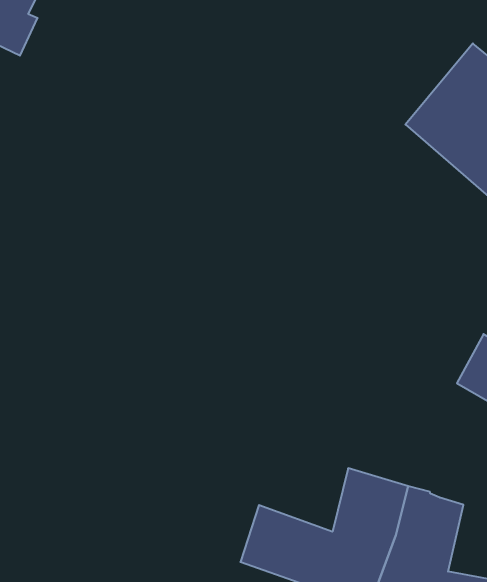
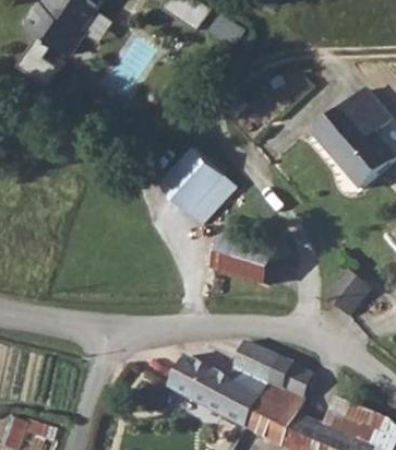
building: none -> [156,150,230,223]
building: none -> [216,236,277,282]

